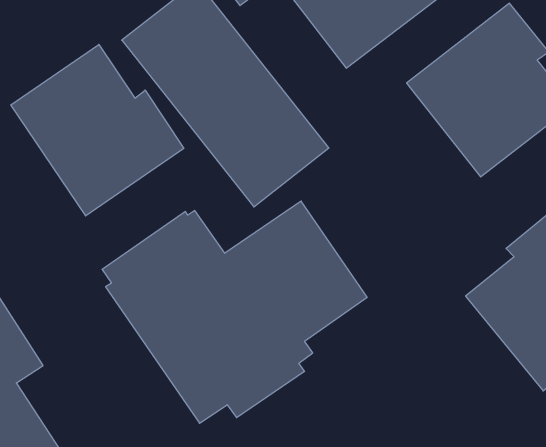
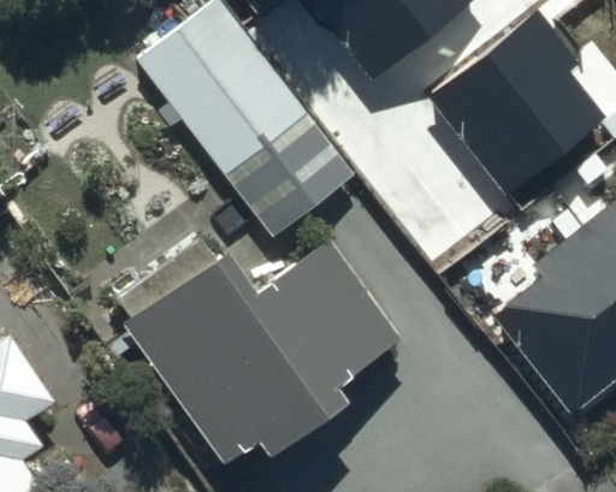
building: [11,44,184,216] -> none

